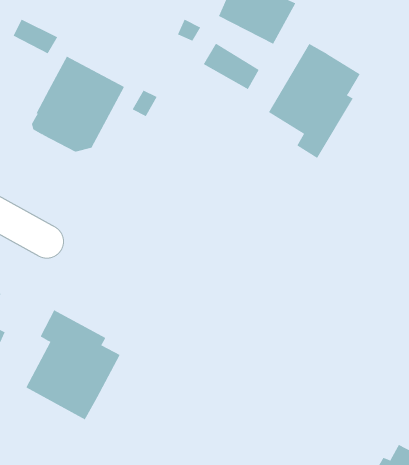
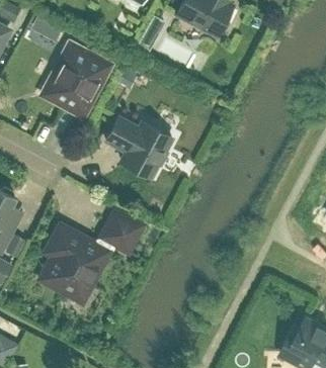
building: [268,43,361,159] -> none
building: none -> [105,116,172,177]
building: none -> [99,208,144,253]

